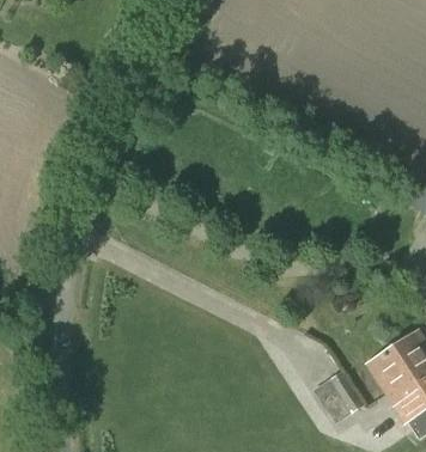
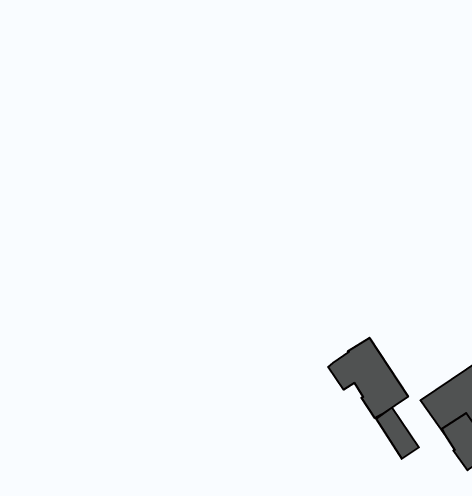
building: none -> [328,338,408,418]

